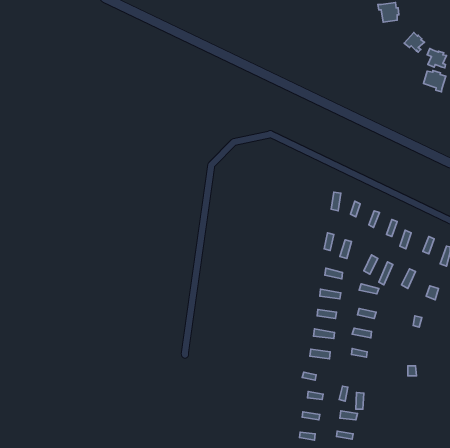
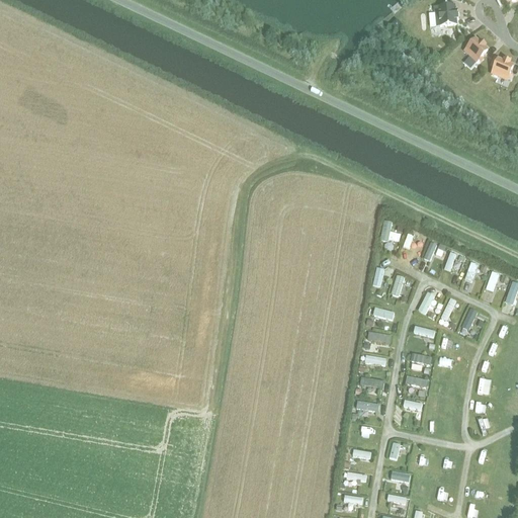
building: [423,71,446,92] -> none

